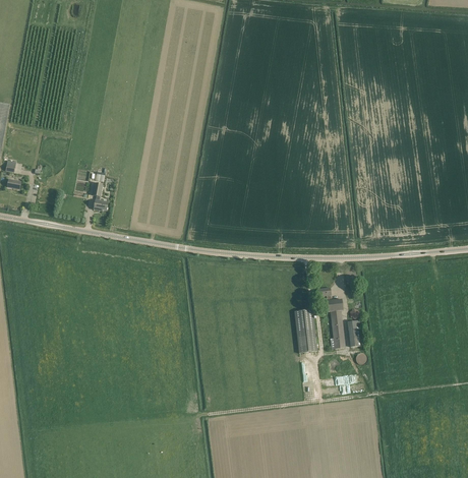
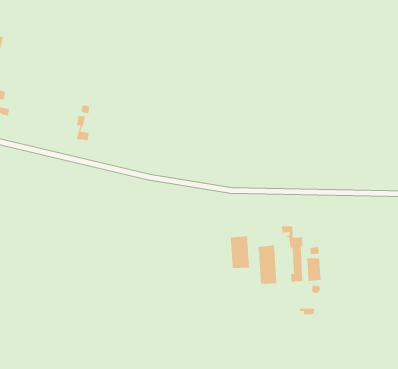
building: none -> [230,235,250,269]

